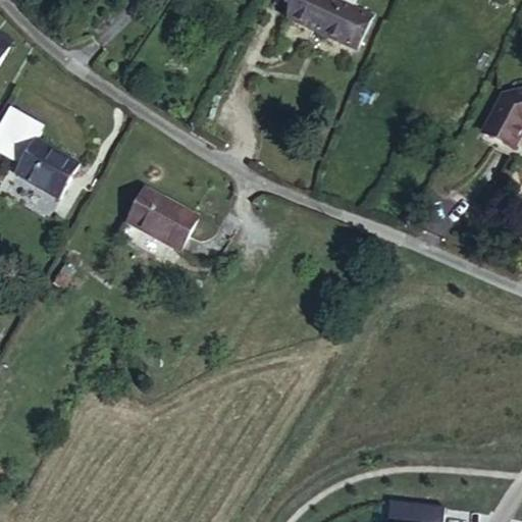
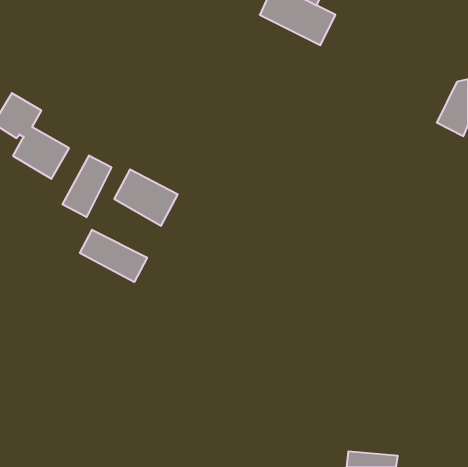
building: none -> [63,155,111,217]
building: none -> [80,230,147,282]

